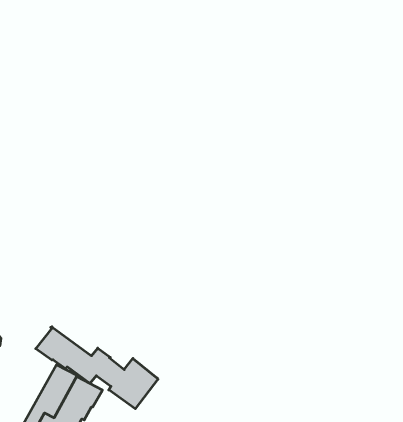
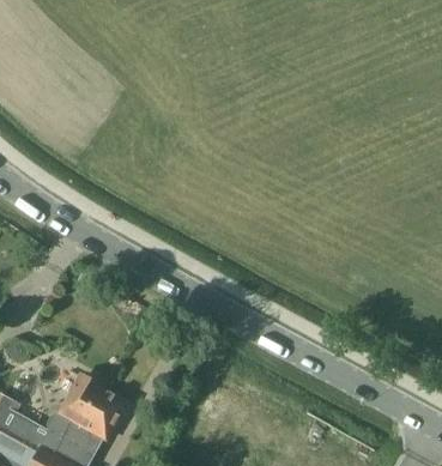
building: [36,327,158,409] -> none

